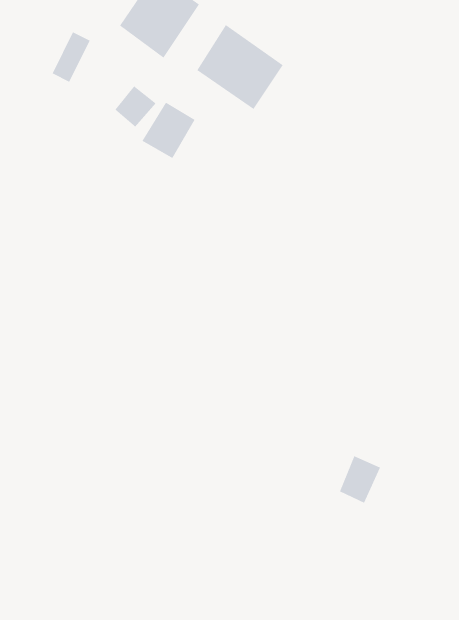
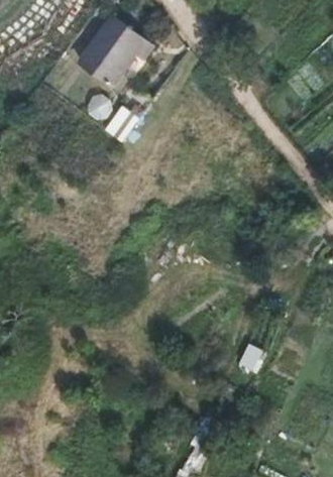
building: [196,24,284,110] -> none

